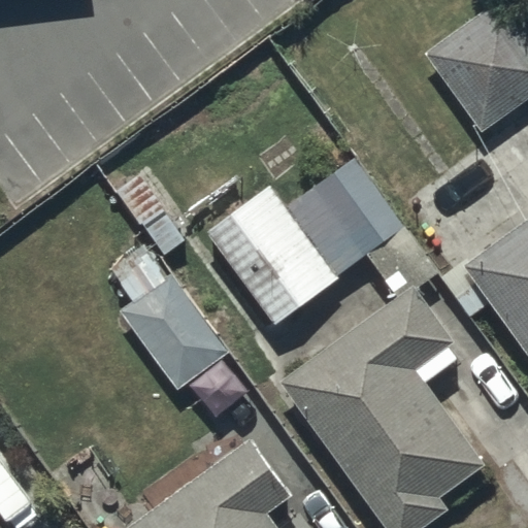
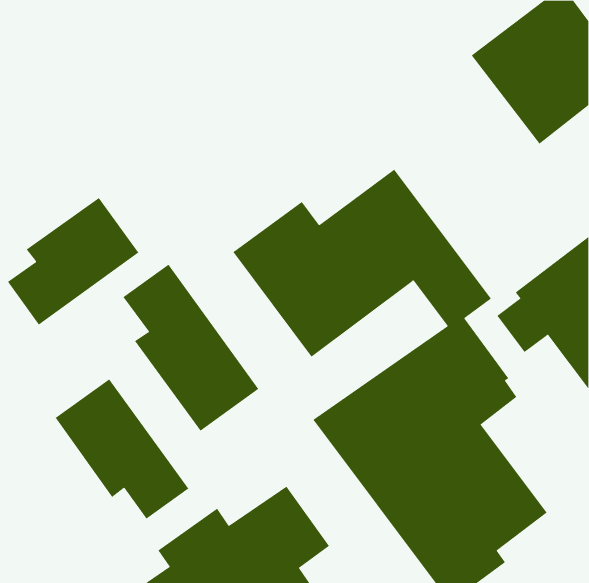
building: none -> [7,197,139,325]
building: none -> [55,378,189,520]

